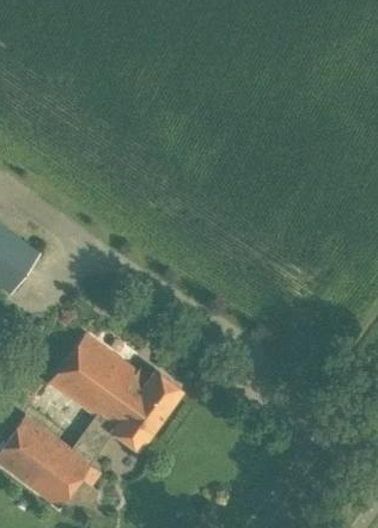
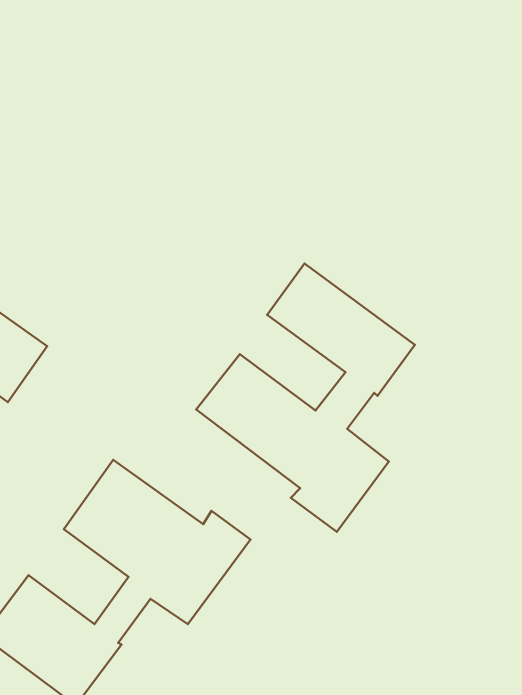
building: none -> [196,264,415,532]

